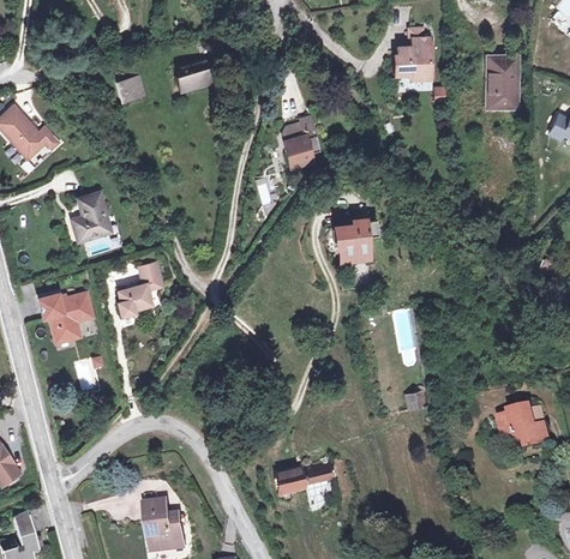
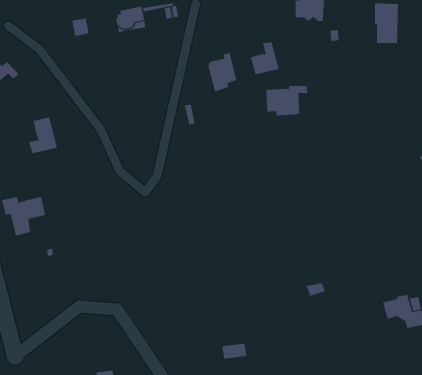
building: none -> [250,41,280,75]
building: [326,224,378,262] -> [265,86,308,116]
building: [109,265,155,318] -> none
building: [276,470,306,494] -> none

